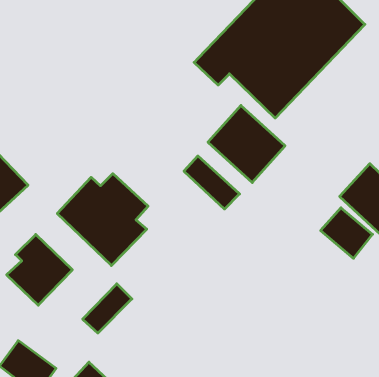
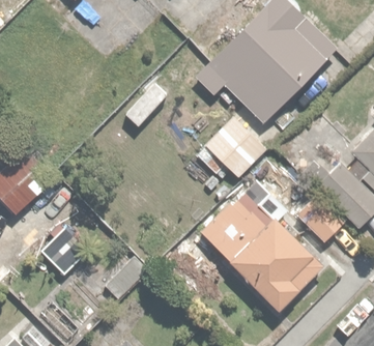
building: [57,174,148,266] -> none
building: none -> [199,193,322,310]

